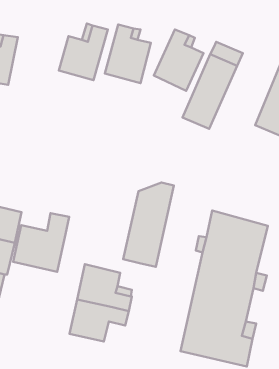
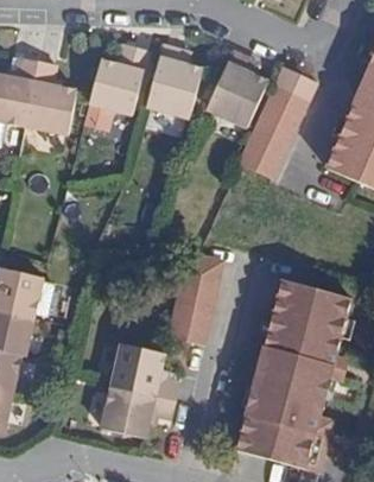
building: none -> [25,62,77,129]
building: [13,213,69,272] -> none

